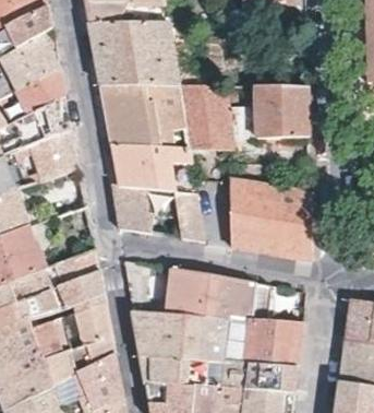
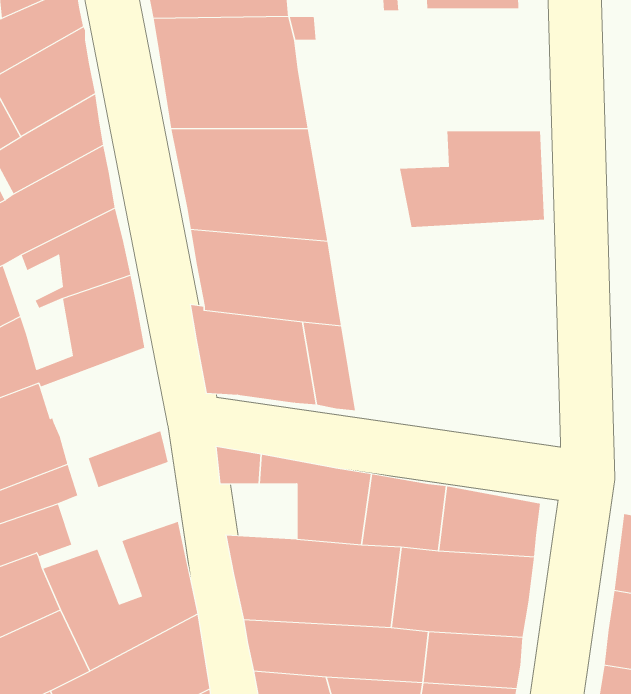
building: [176,85,234,149] -> none
building: [228,180,310,259] -> none
building: [37,270,102,316] -> none

